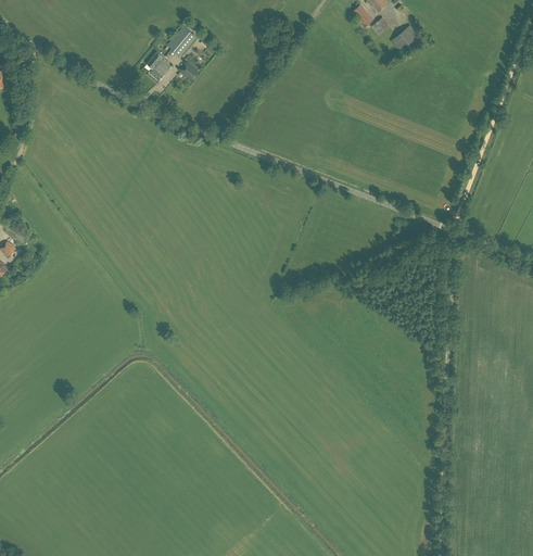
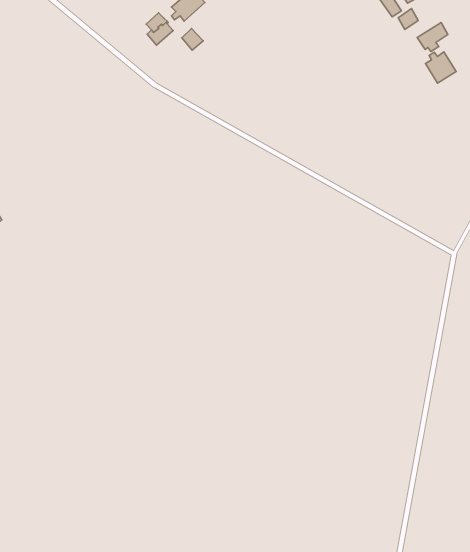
building: none -> [425,52,456,83]

